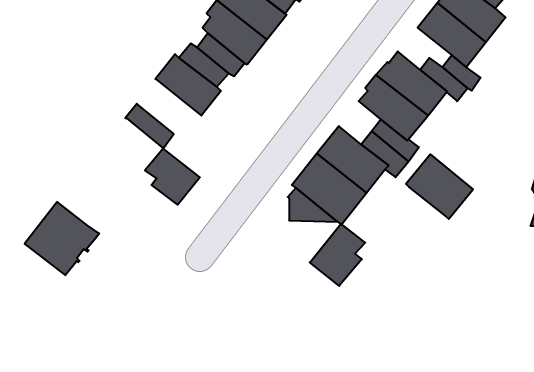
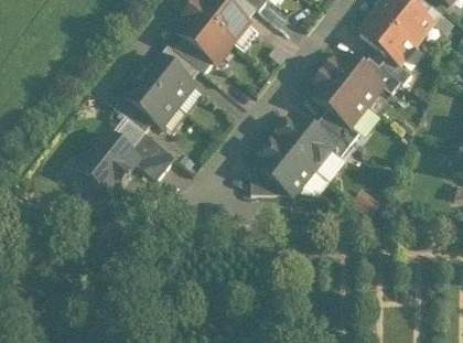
building: none -> [122,74,177,126]
building: [406,154,473,219] -> none
building: [25,202,99,275] -> [77,131,140,193]
building: [310,224,365,286] -> none

